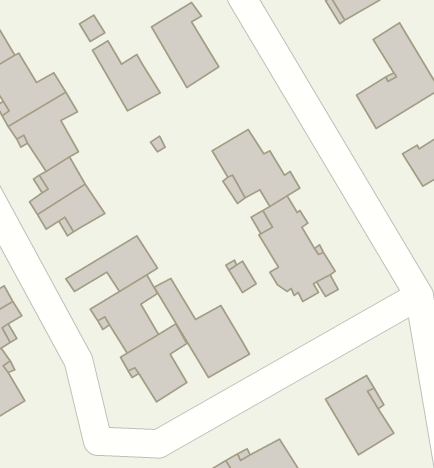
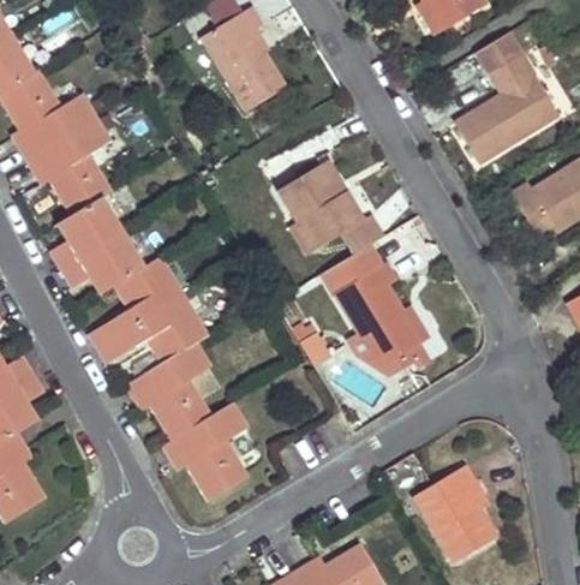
building: [92,41,160,111] -> none
building: none -> [89,256,185,347]
building: [154,278,249,377] -> none

